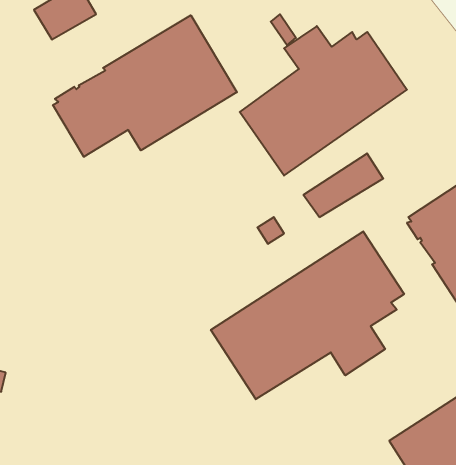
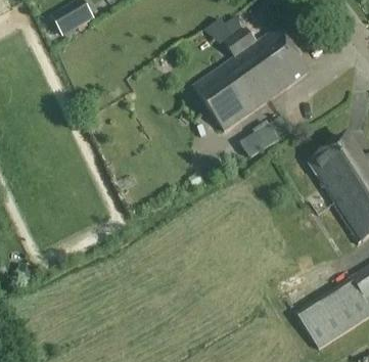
building: [53,15,237,157] -> none
building: [211,231,404,399] -> none

